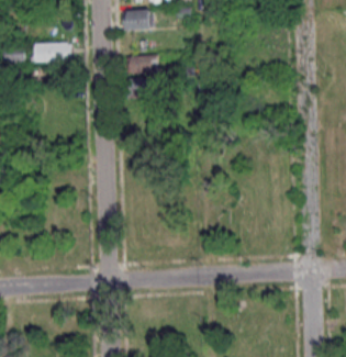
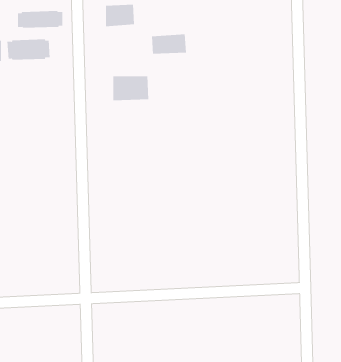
building: none -> [17,10,63,29]
building: [124,56,157,75] -> [151,34,187,54]

